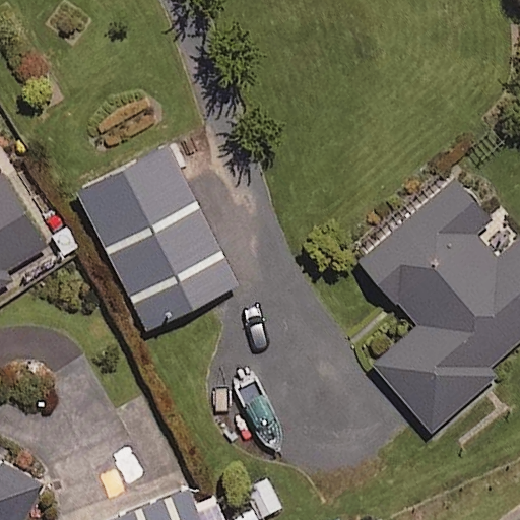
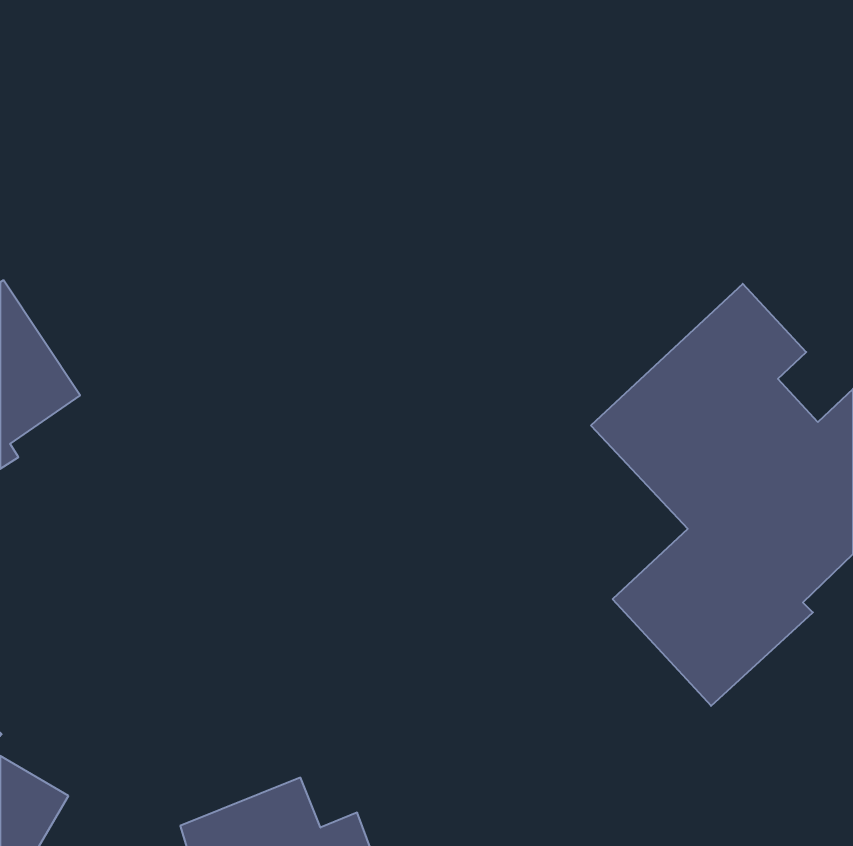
building: [76,145,237,331] -> none

